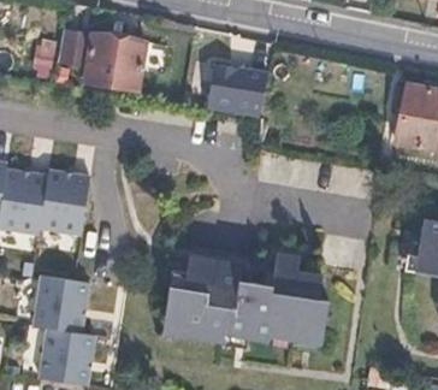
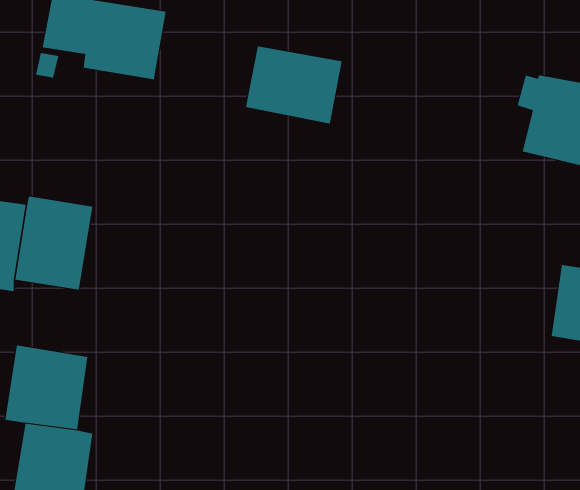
building: [166,255,331,343] -> none

